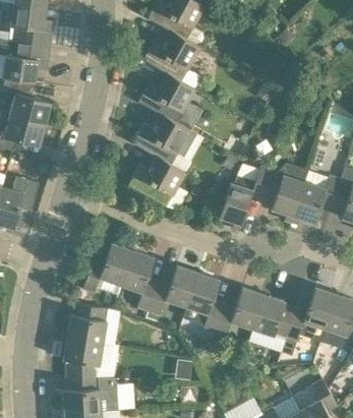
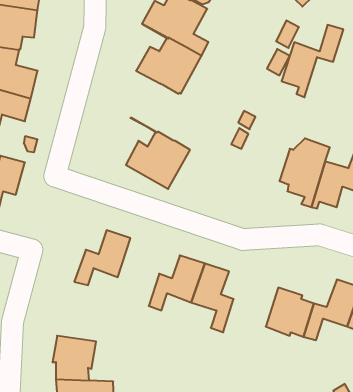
building: [133,113,196,164] -> none
building: [219,167,274,231] -> [282,25,343,97]
building: [121,250,158,310] -> none
building: [215,287,263,337] -> none
building: [67,303,106,342] -> none

